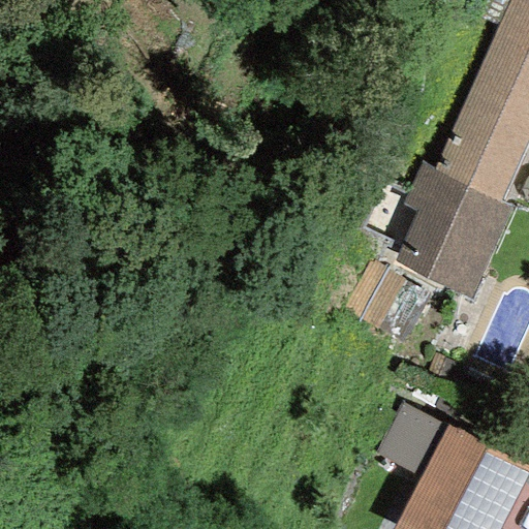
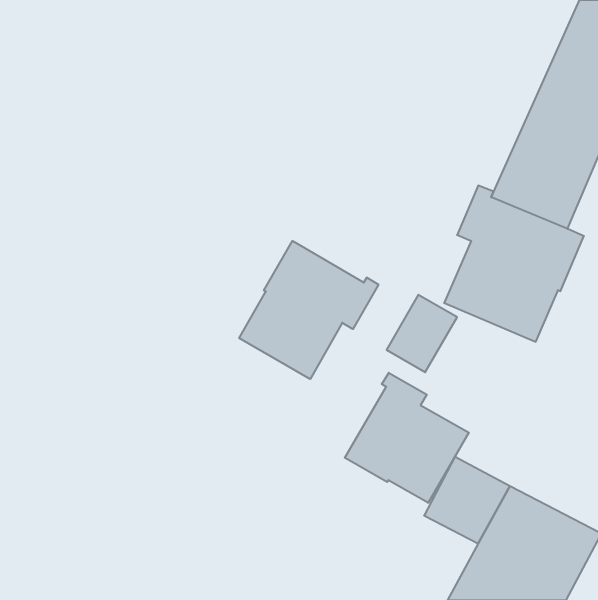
building: none -> [239,241,378,379]
building: none -> [345,373,469,503]

